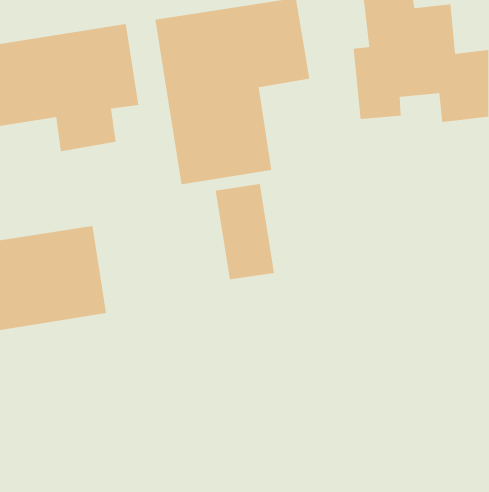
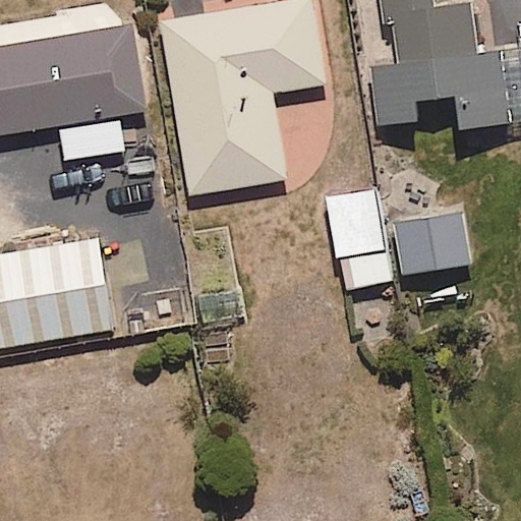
building: [215,184,275,280] -> [326,186,389,287]
building: none -> [394,212,469,274]

